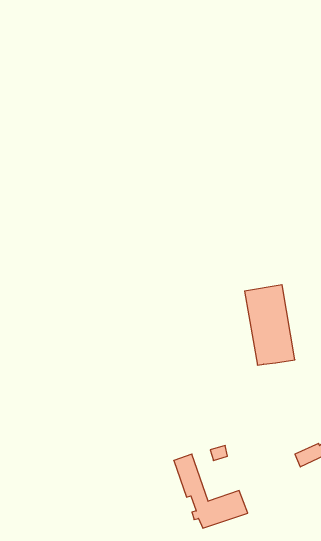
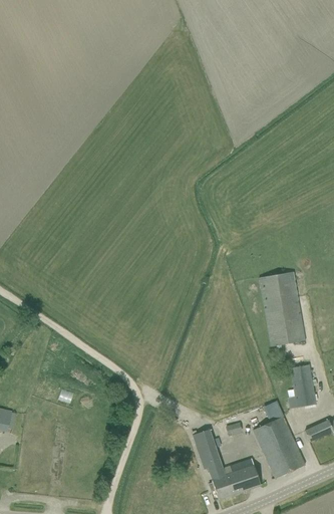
building: none -> [287,363,316,407]
building: none -> [253,414,305,477]

